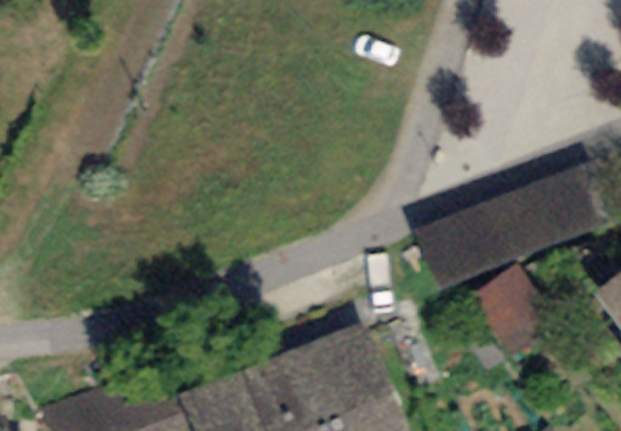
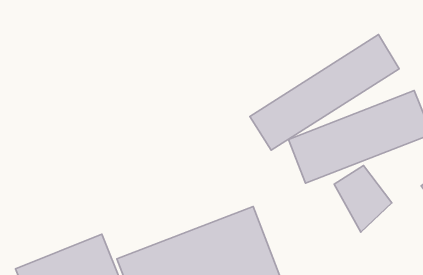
building: none -> [250,34,399,150]

